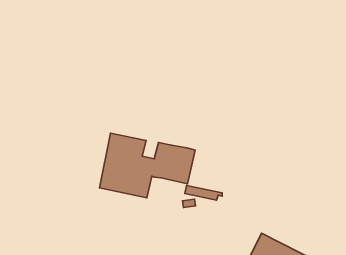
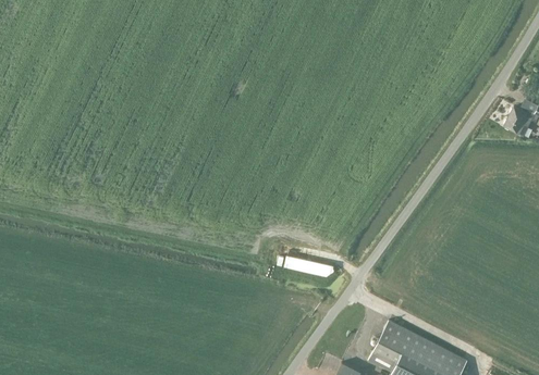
building: [99,133,195,198] -> none

